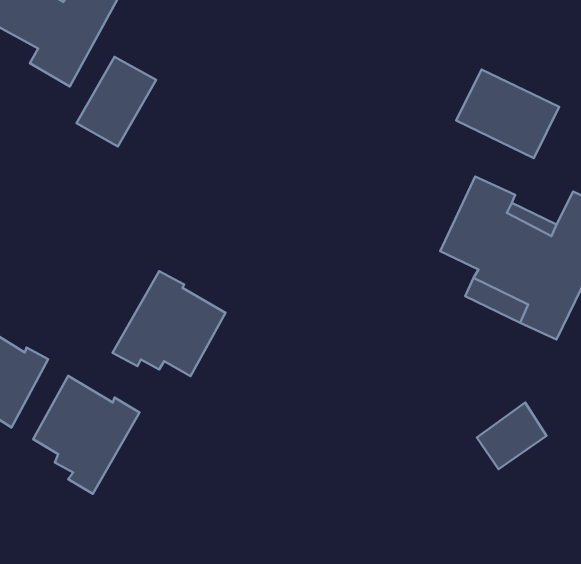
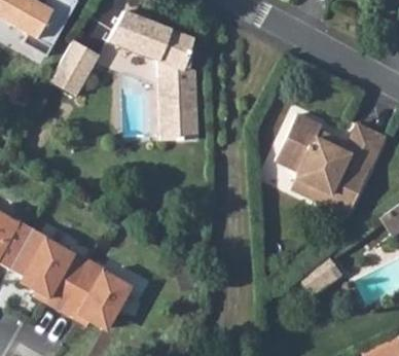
building: none -> [108,11,198,140]
building: [456,69,559,158] -> none
building: [113,271,226,376] -> [61,260,131,325]

